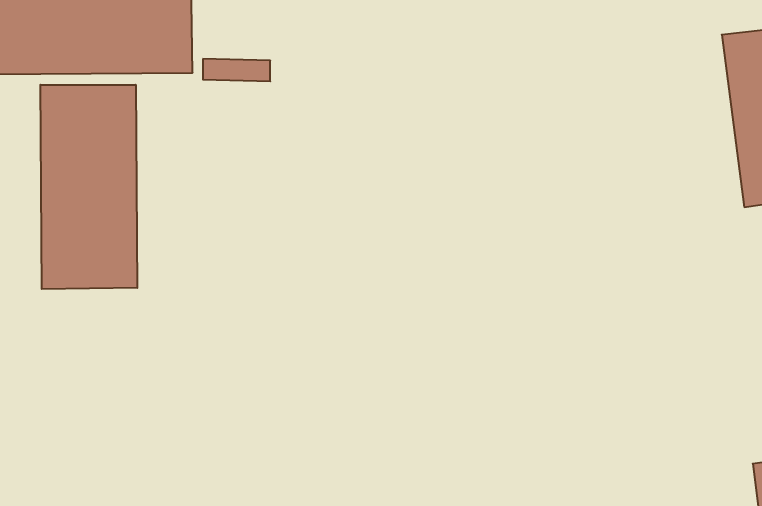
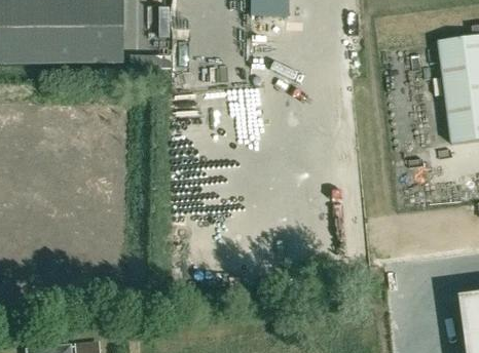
building: [40,85,137,289] -> none

